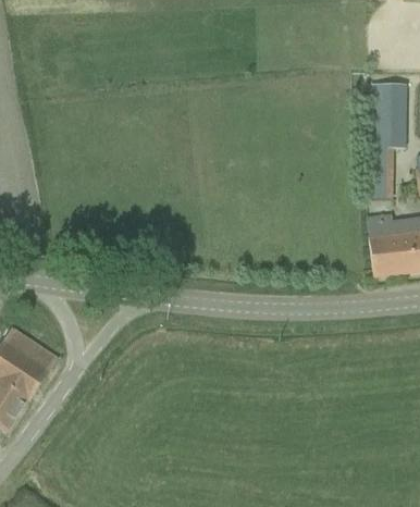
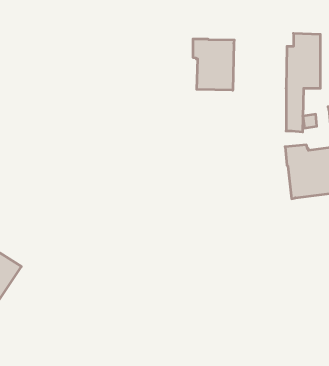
building: none -> [193,39,234,90]

